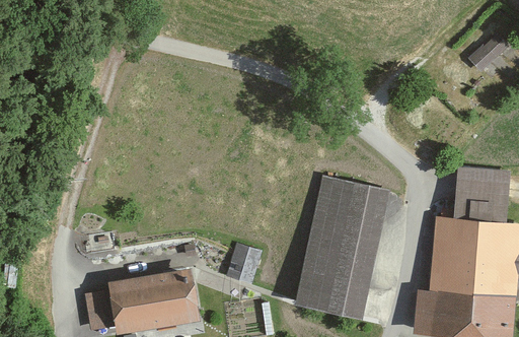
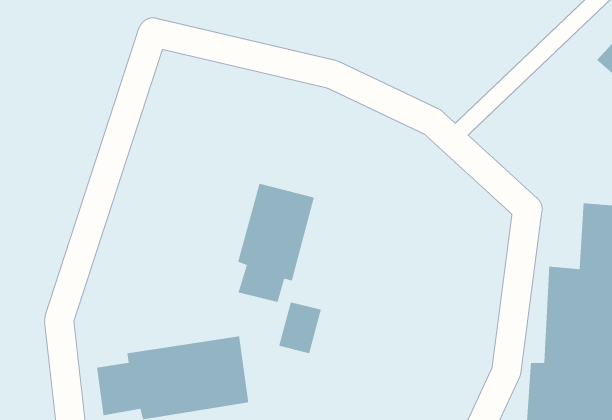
building: none -> [237,183,315,303]
building: [296,174,388,318] -> none

